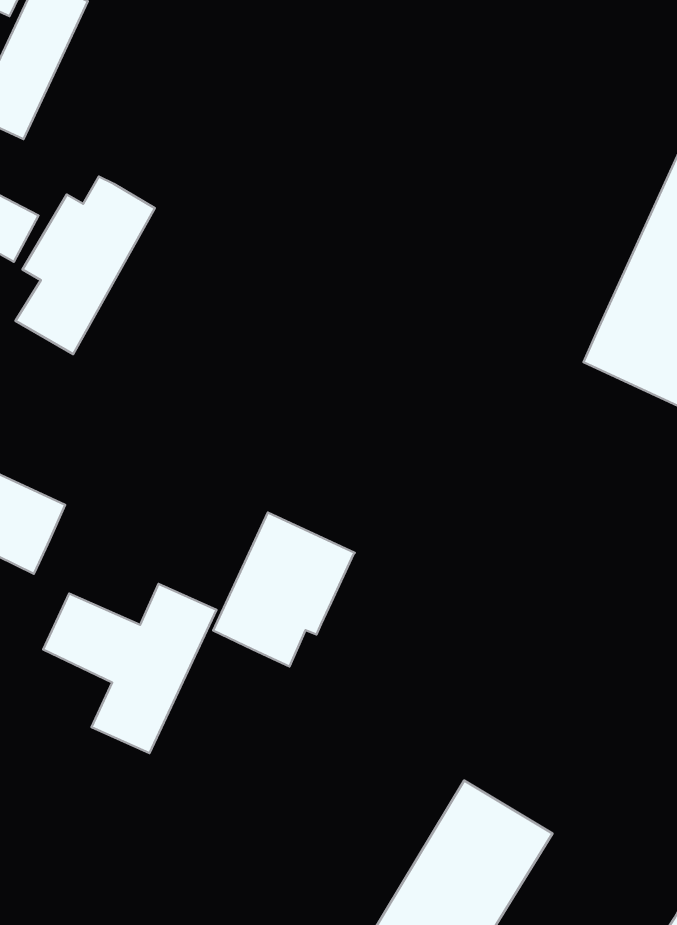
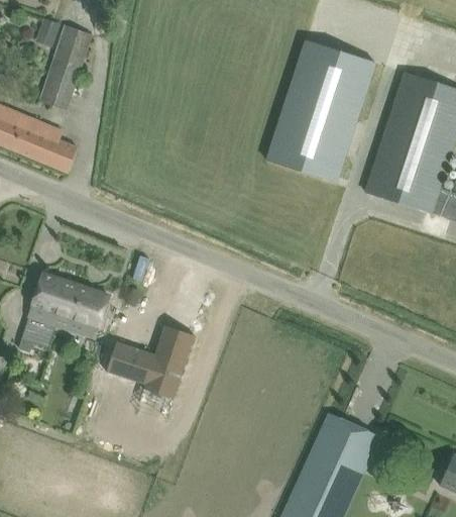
building: none -> [266,37,376,182]
building: [15,176,155,354] -> none
building: [213,513,355,667] -> none

